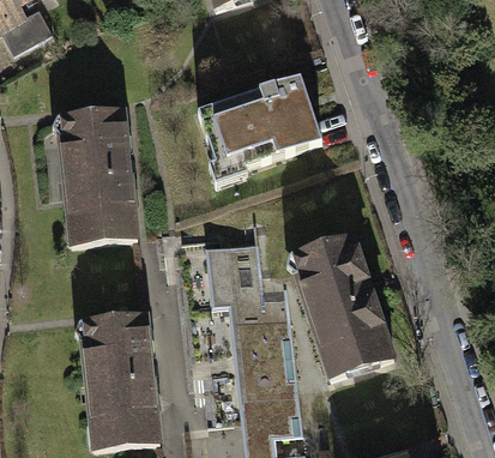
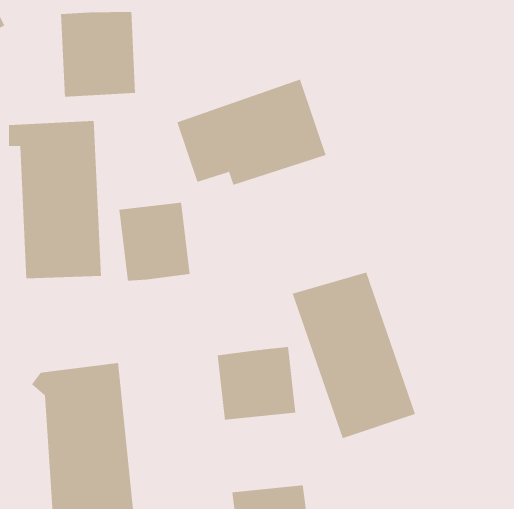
building: none -> [61,11,135,98]
building: [205,242,265,308] -> [118,202,190,281]
building: [235,355,301,421] -> none

